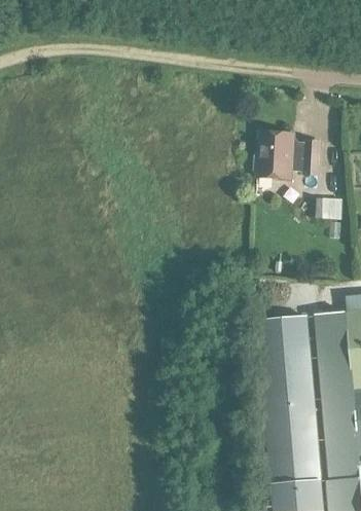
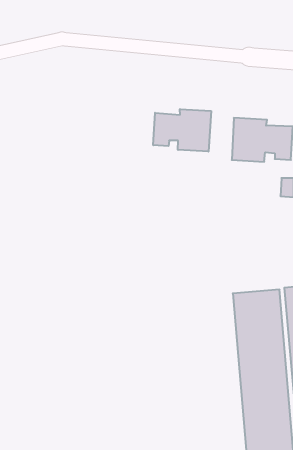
building: none -> [153,109,211,152]

